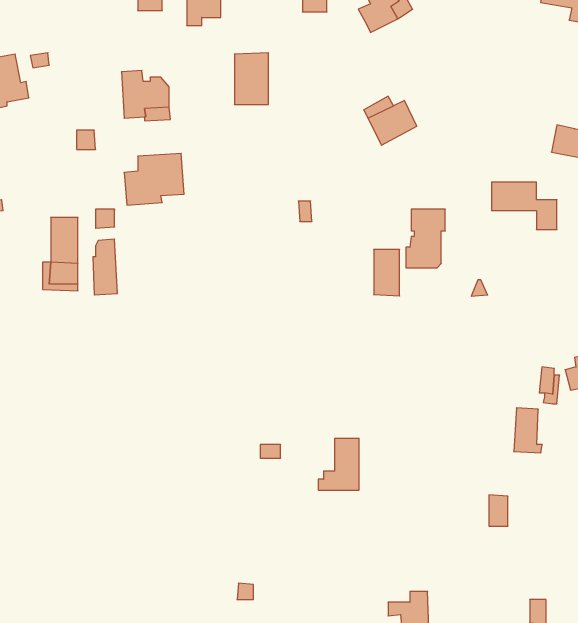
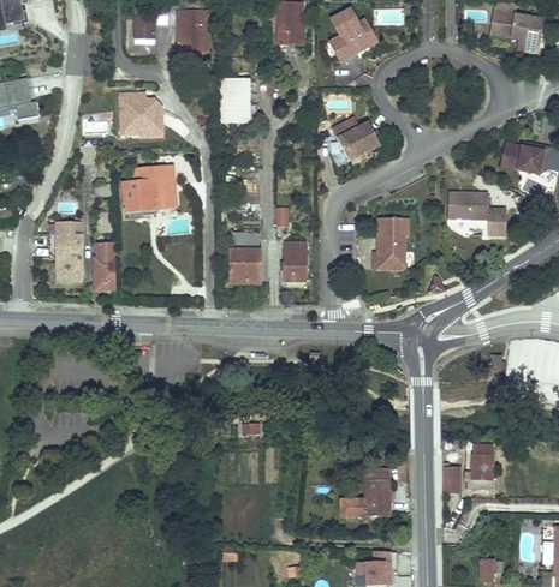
building: none -> [231,233,260,282]
building: [374,250,400,296] -> [284,242,307,283]
building: [514,408,542,453] -> [471,447,496,486]
building: [318,438,359,490] -> [352,471,388,516]

